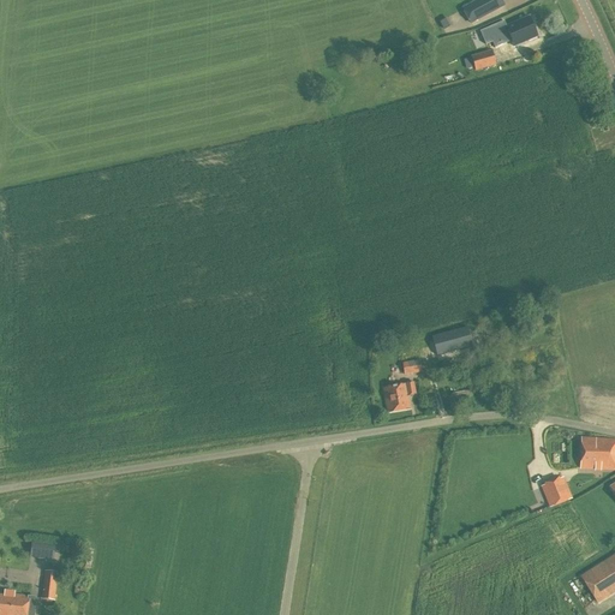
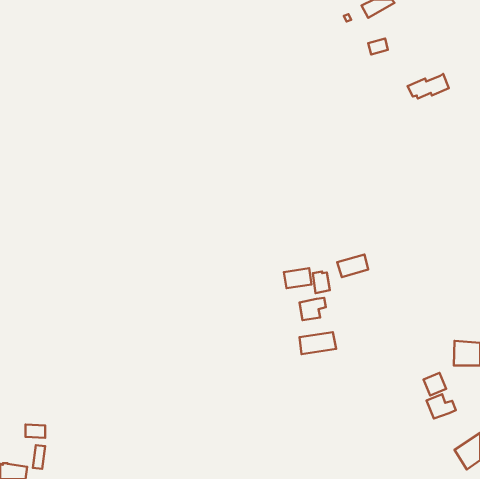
building: [482,16,535,47] -> [407,74,449,98]
building: none -> [284,268,311,288]
building: none -> [300,332,336,354]
building: none -> [426,394,456,418]

